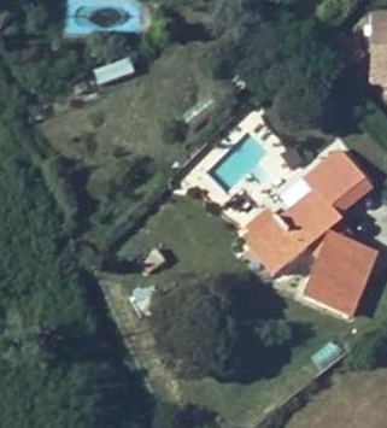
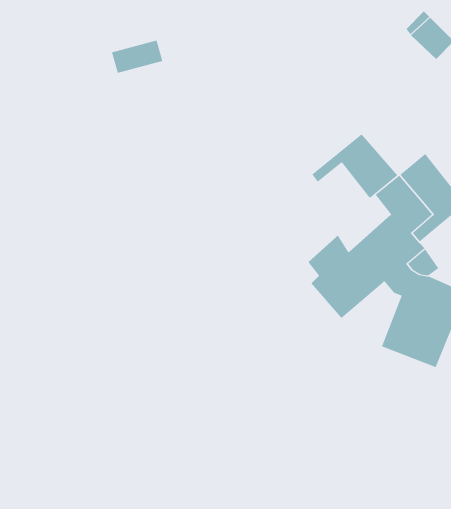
building: none -> [311,133,398,199]

